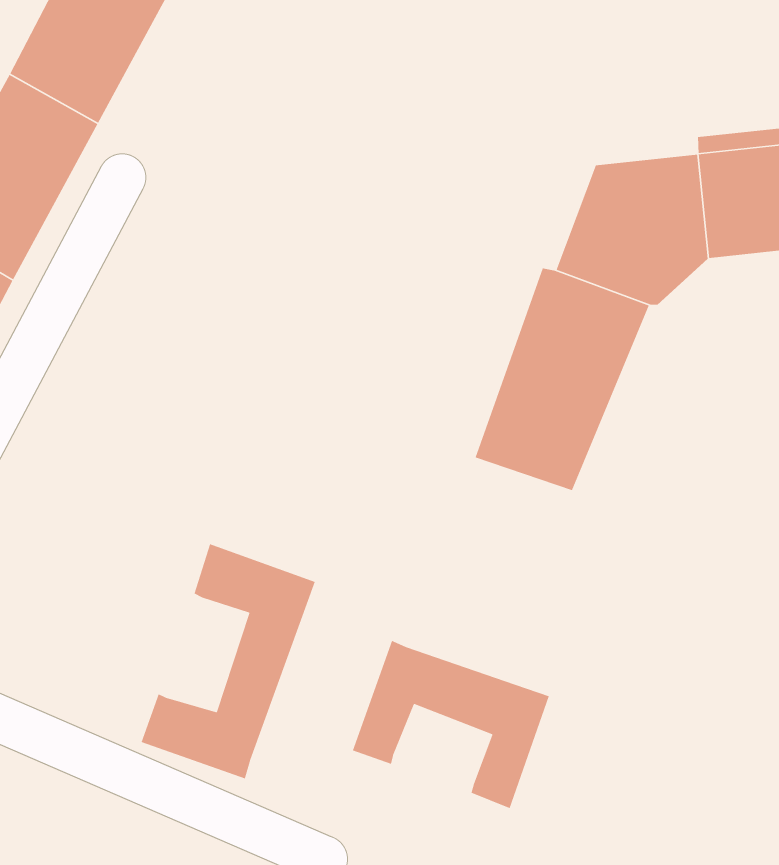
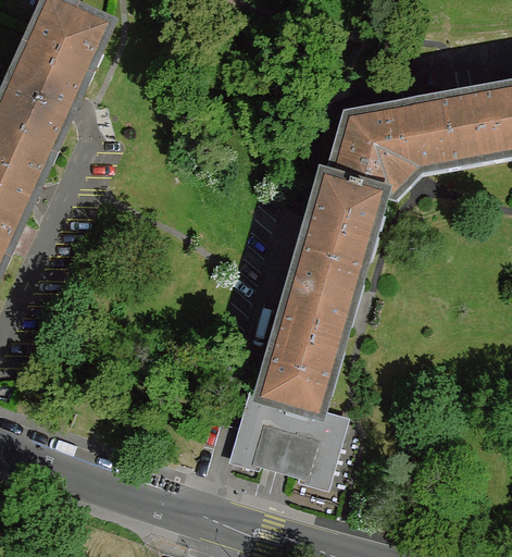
building: none -> [259,288,347,414]
building: [141,543,316,779] -> none
building: none -> [255,430,310,472]

